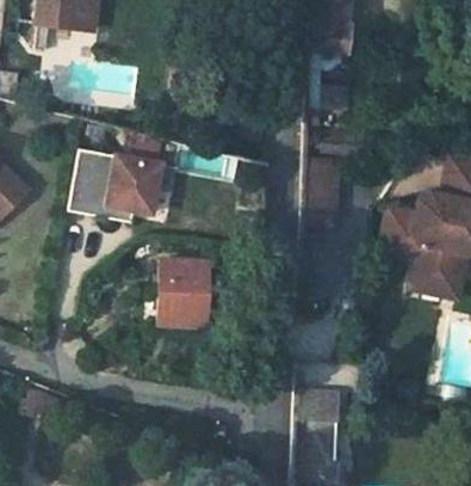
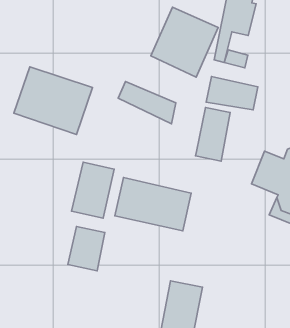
building: none -> [151,7,218,77]
building: none -> [115,177,191,231]
building: none -> [68,226,105,271]

